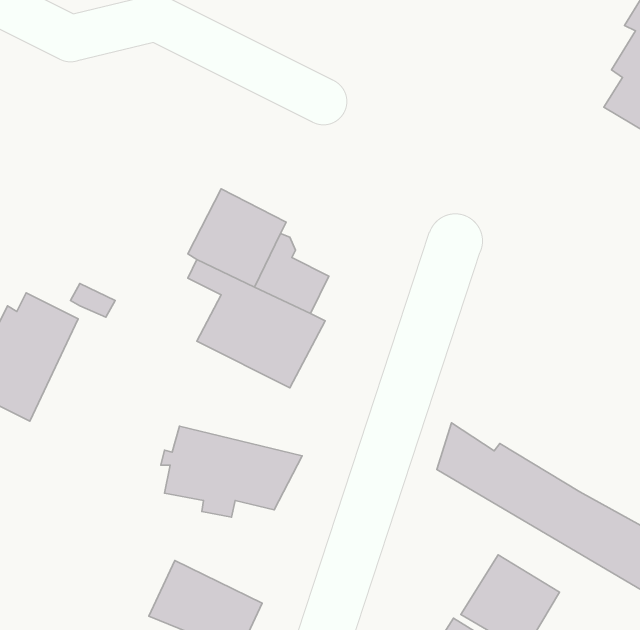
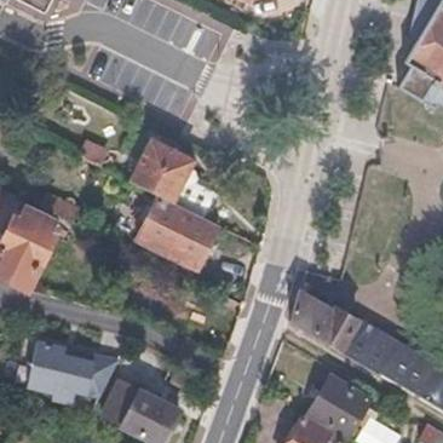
building: [161,426,302,517] -> [24,341,116,401]

